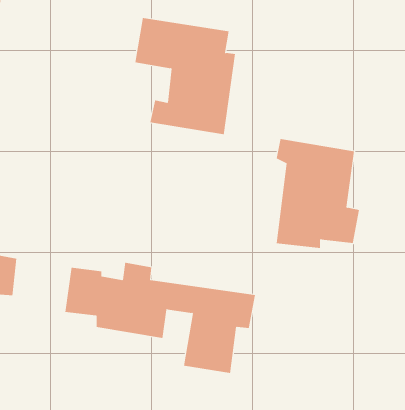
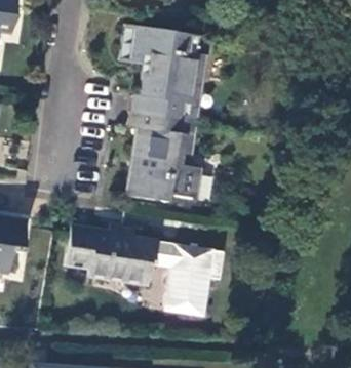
building: [276,139,360,249] -> [130,111,199,201]

